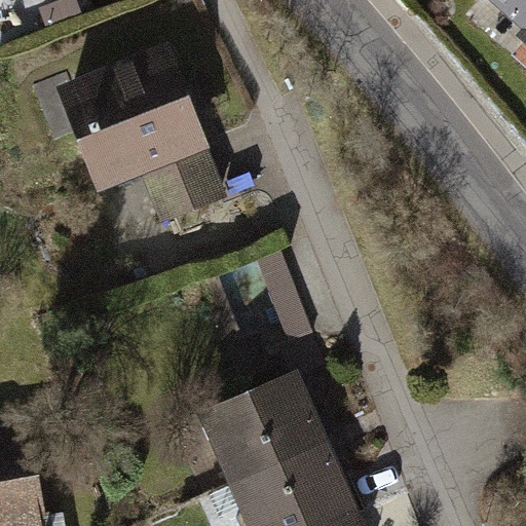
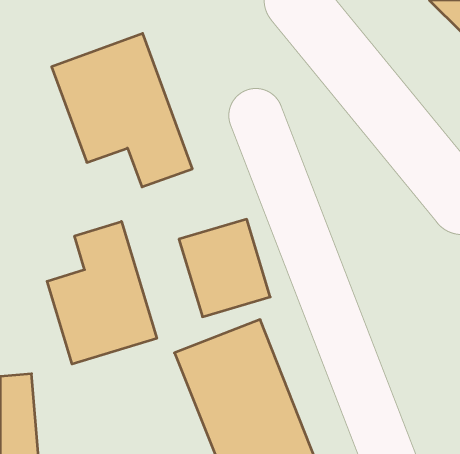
building: none -> [47,221,157,364]

